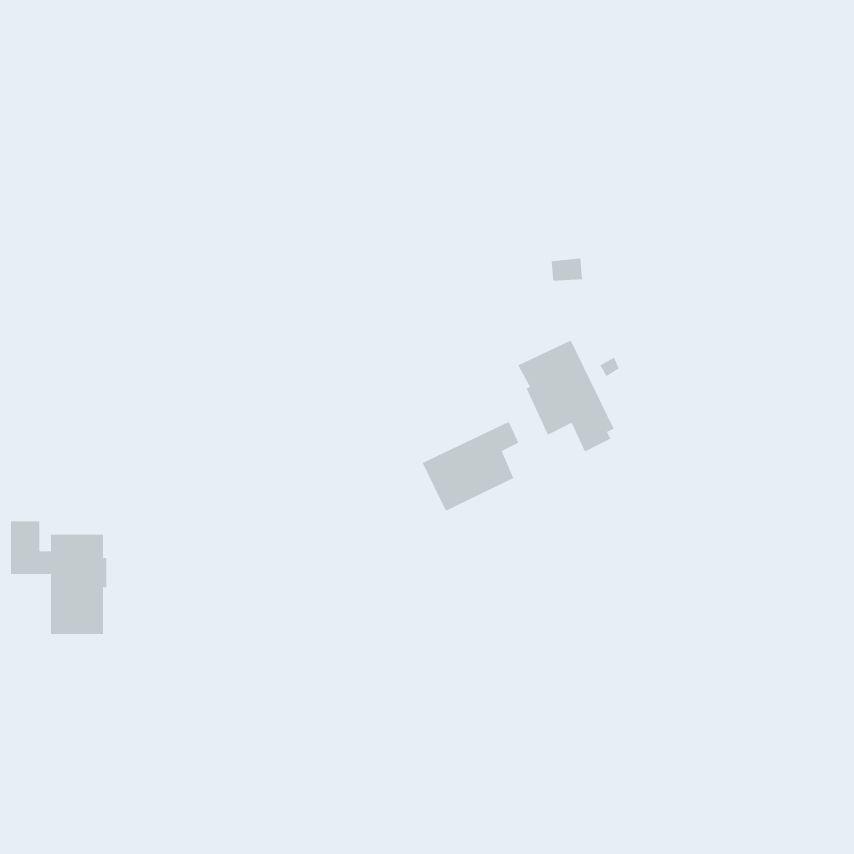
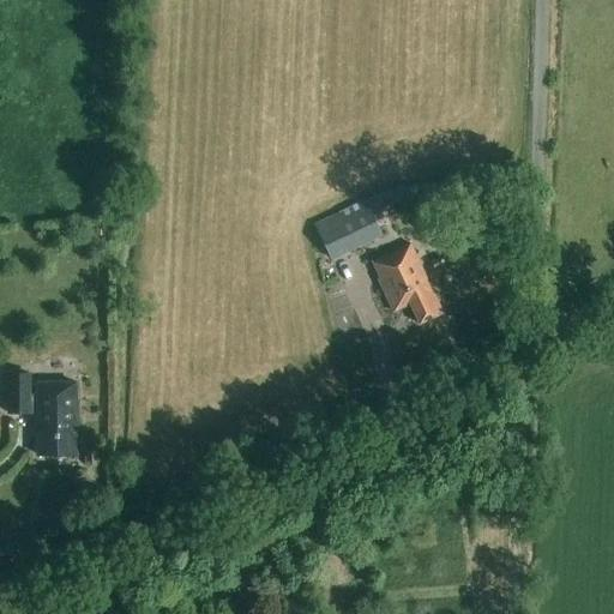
building: [422,421,519,512] -> [317,194,386,259]

